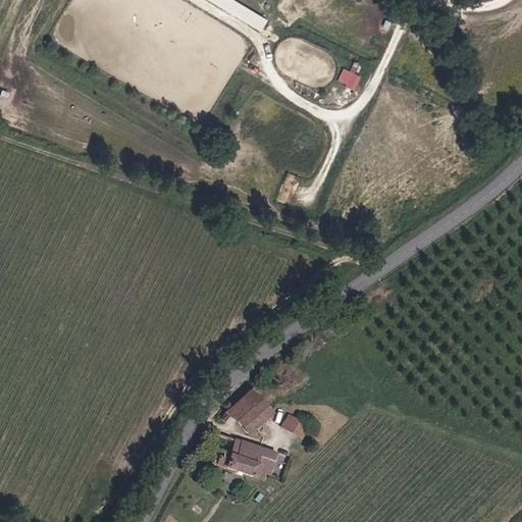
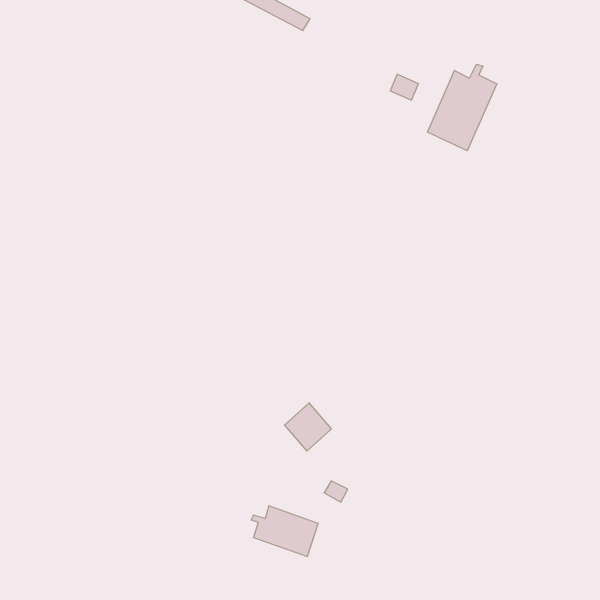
building: none -> [428,64,497,151]
building: [229,390,270,432] -> [284,403,331,451]

